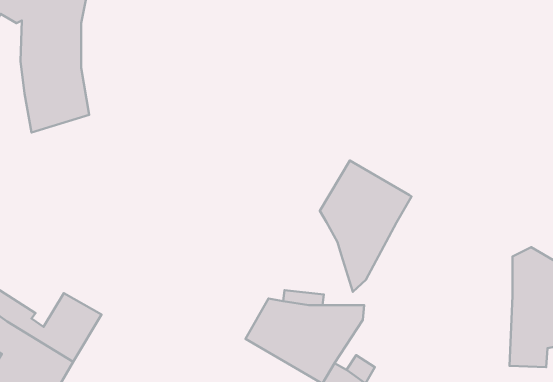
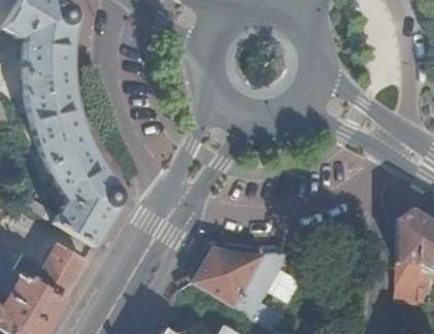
building: none -> [24,108,122,245]
building: [320,160,411,292] -> none

